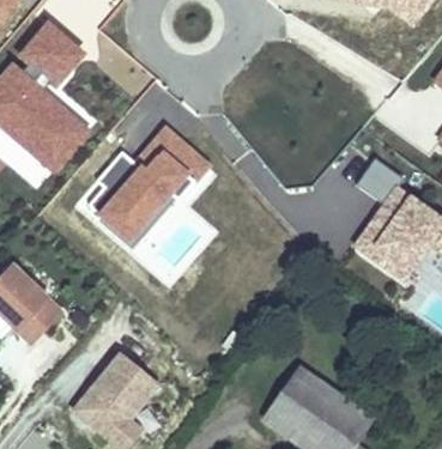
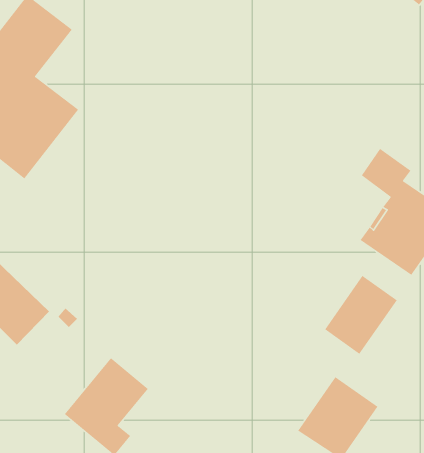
building: [81,121,210,244] -> none
building: [264,350,333,425] -> [324,275,398,355]

